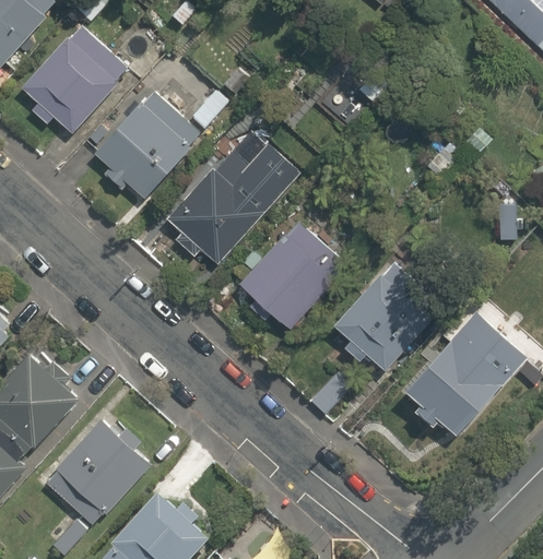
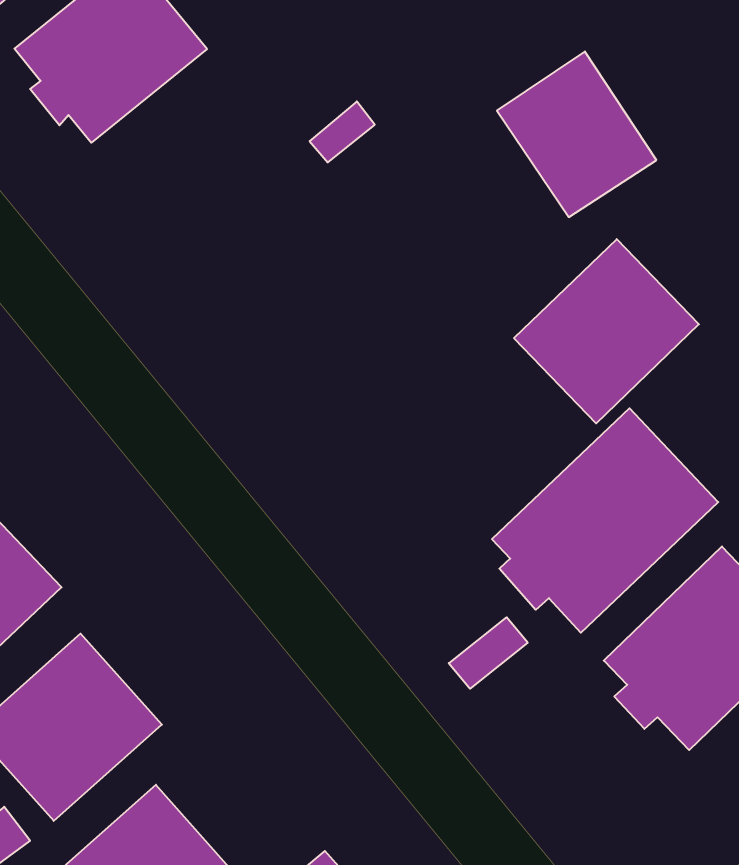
building: [91,84,208,201] -> none
building: [166,132,300,262] -> none
building: [239,219,344,326] -> [514,239,699,423]

